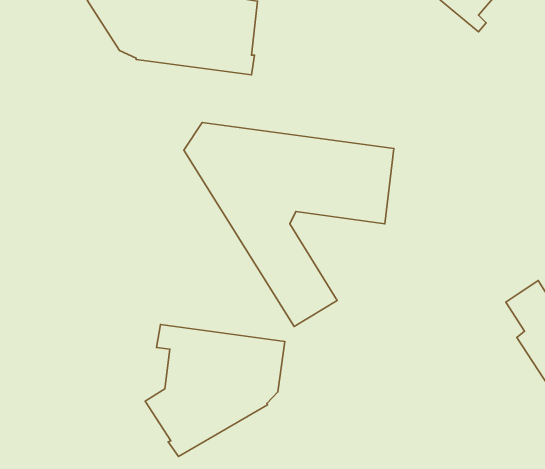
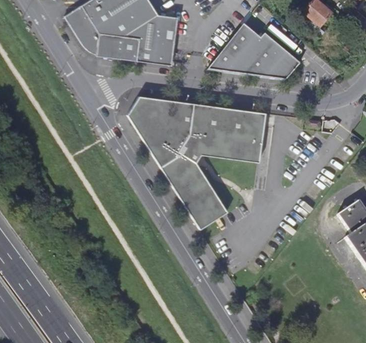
building: none -> [206,22,301,81]
building: [145,324,285,456] -> none

